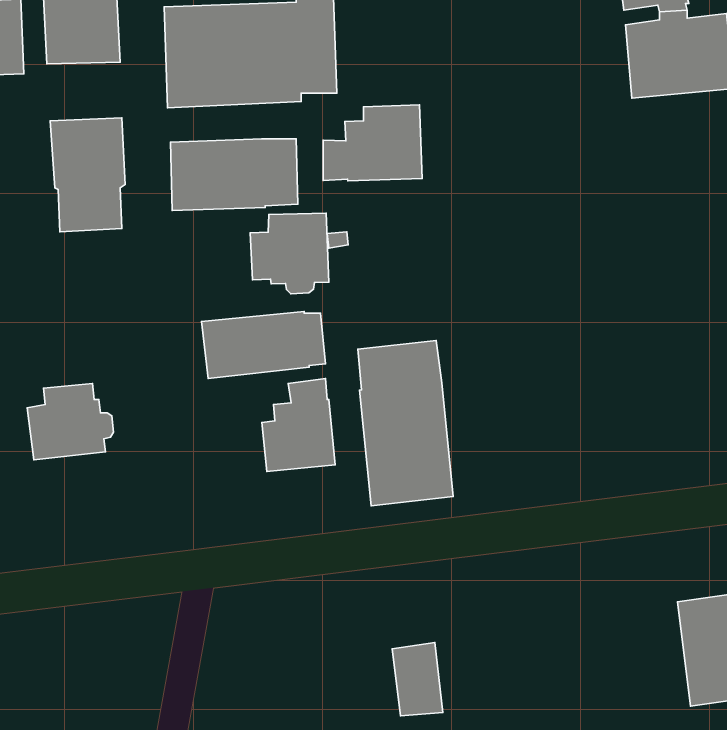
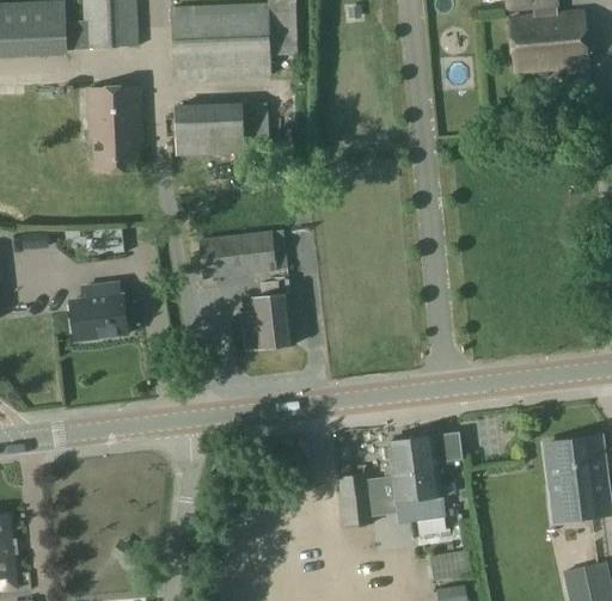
building: [323,105,422,181] -> none
building: [250,213,329,294] -> none
building: [358,341,453,506] -> none
building: none -> [381,431,461,522]

